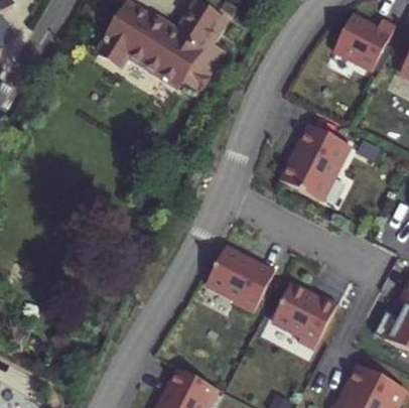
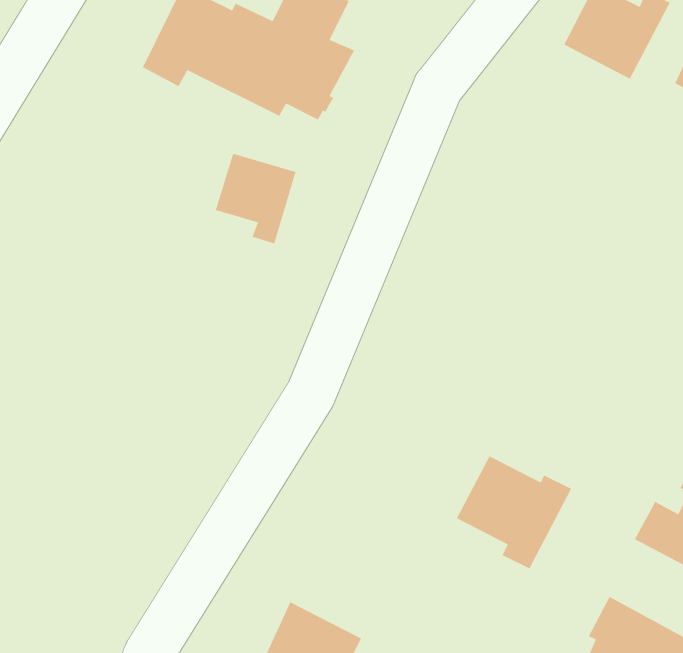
building: none -> [215,153,297,244]
building: [295,130,367,207] -> none
building: [208,246,276,310] -> none

